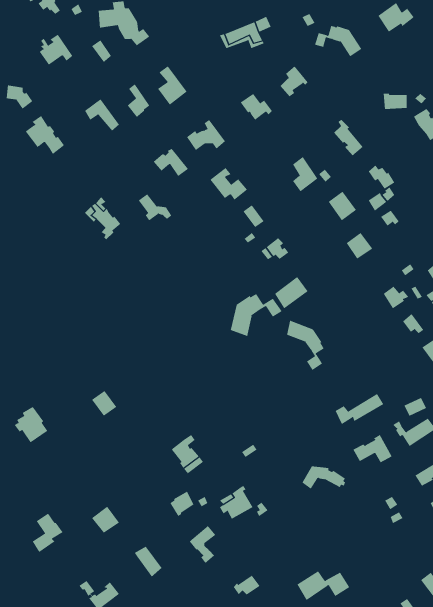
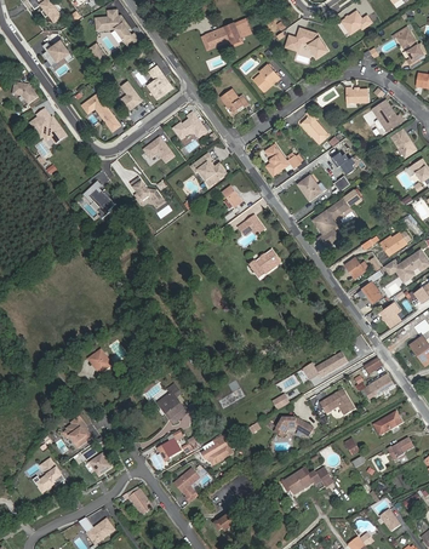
building: [230,293,282,337] -> none
building: [287,320,325,371] -> none
building: [14,406,48,443] -> [63,416,93,448]
building: [296,571,350,601] -> [285,468,332,494]

